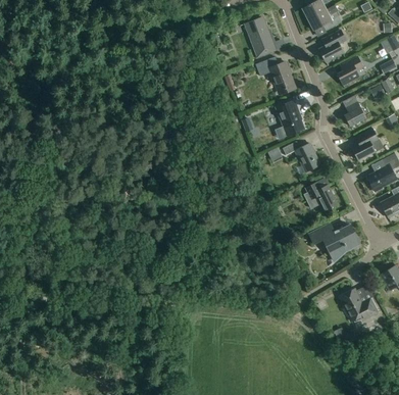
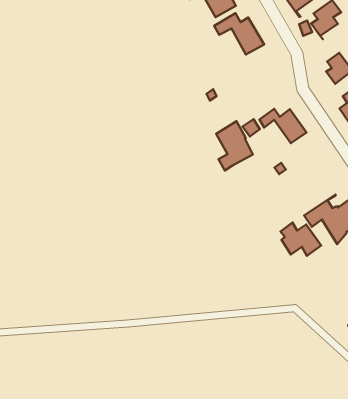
building: [275,99,304,139] -> [216,121,253,170]
building: [305,182,338,211] -> [280,223,321,256]

